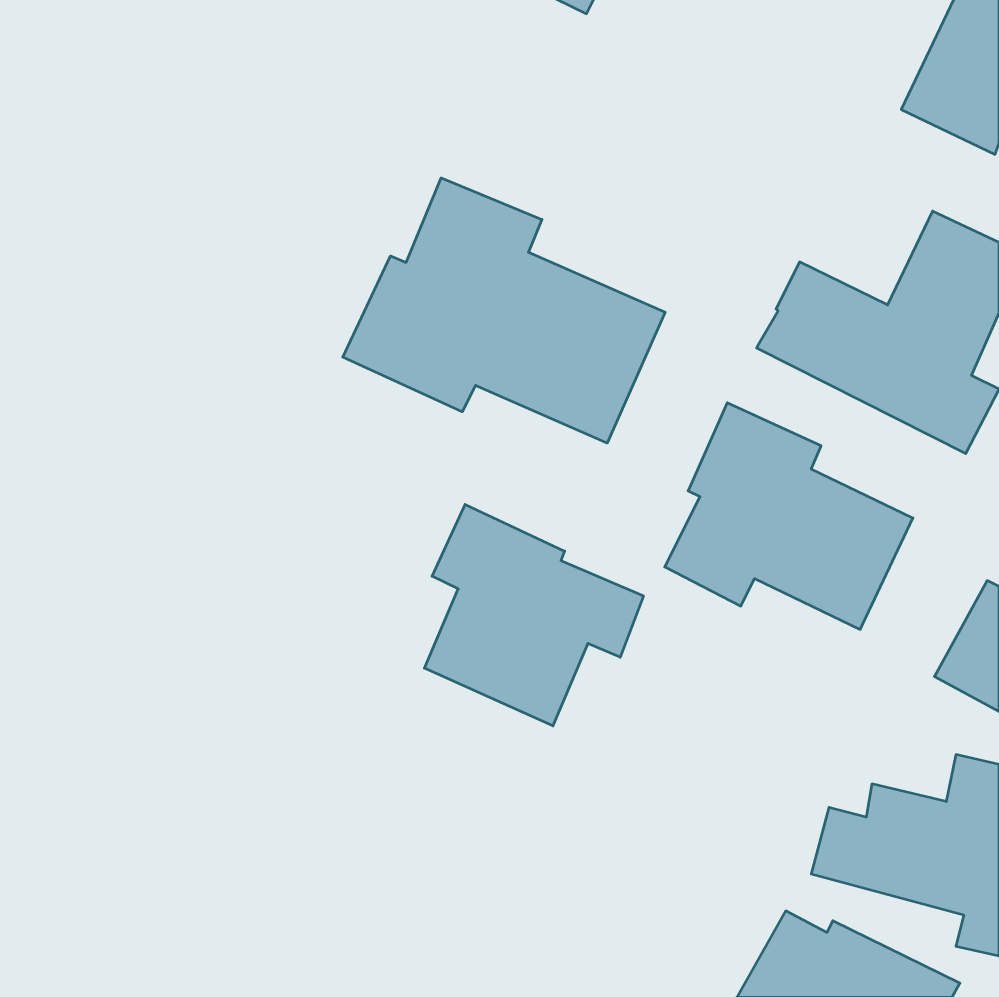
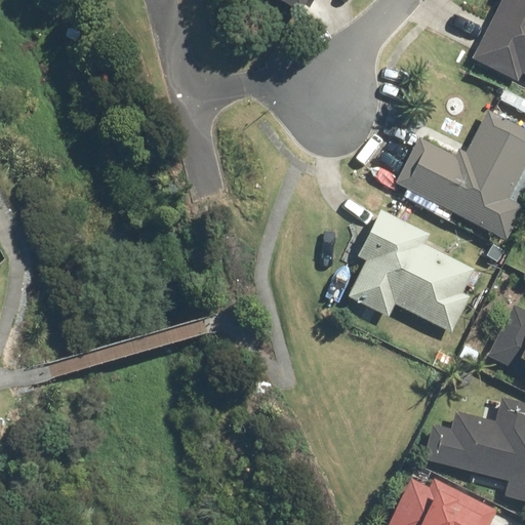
building: [343,178,665,443] -> none
building: [424,504,643,726] -> none

